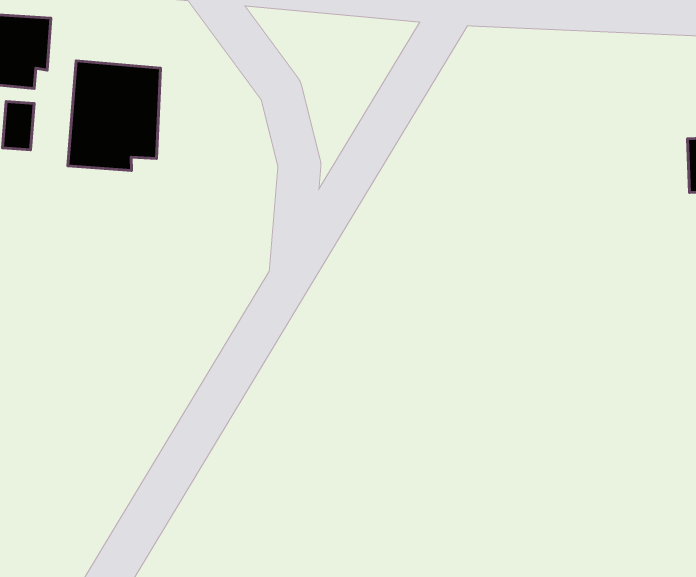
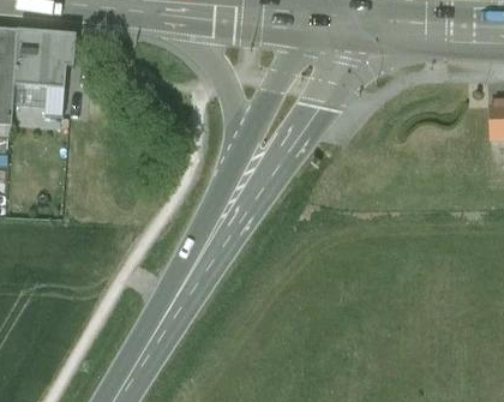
building: [68,61,160,170] -> none

